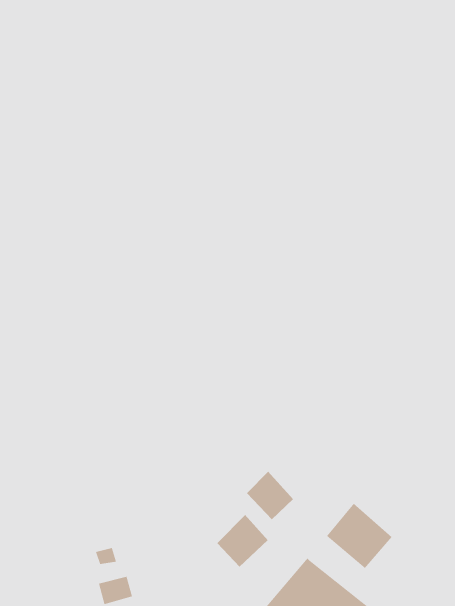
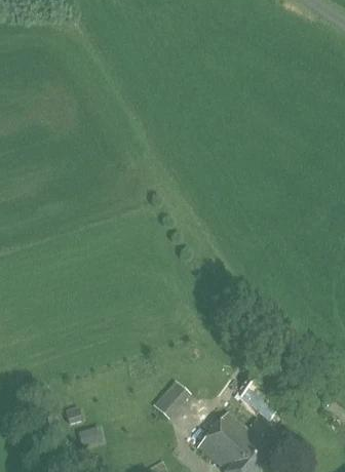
building: [246,471,294,520] -> none

